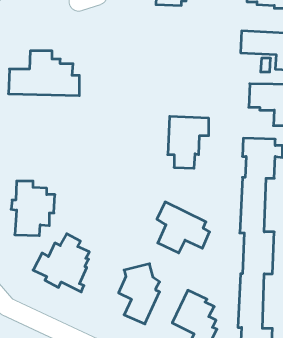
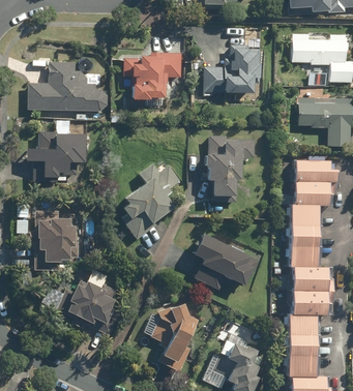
building: none -> [199,47,263,92]
building: none -> [122,51,182,100]
building: none -> [26,121,87,183]
building: none -> [120,163,181,240]

